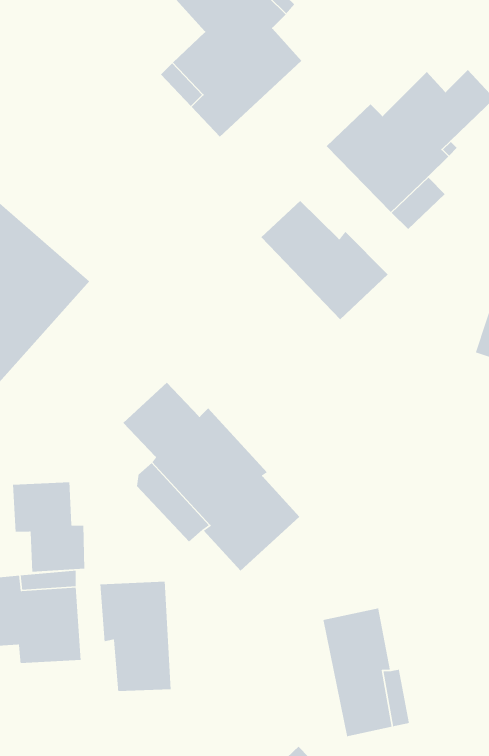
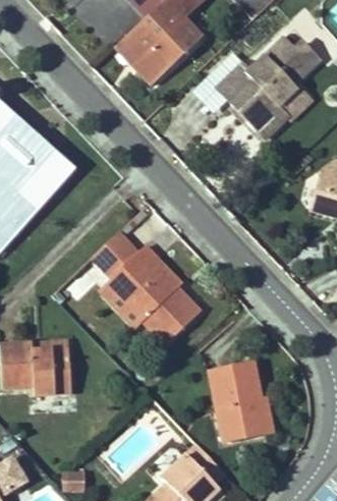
building: [260,200,388,320] -> none
building: [12,482,85,573] -> none
building: [100,581,172,692] -> none

